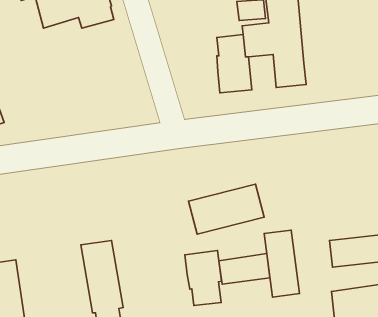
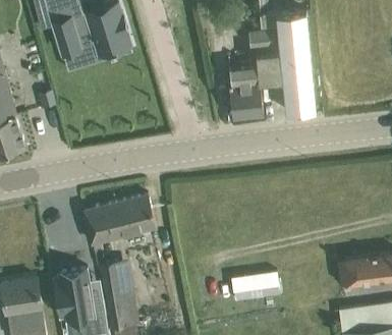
building: [189,184,264,234] -> [83,196,156,243]
building: [264,230,299,297] -> none
building: [185,251,222,306] -> none
building: none -> [56,272,107,327]

